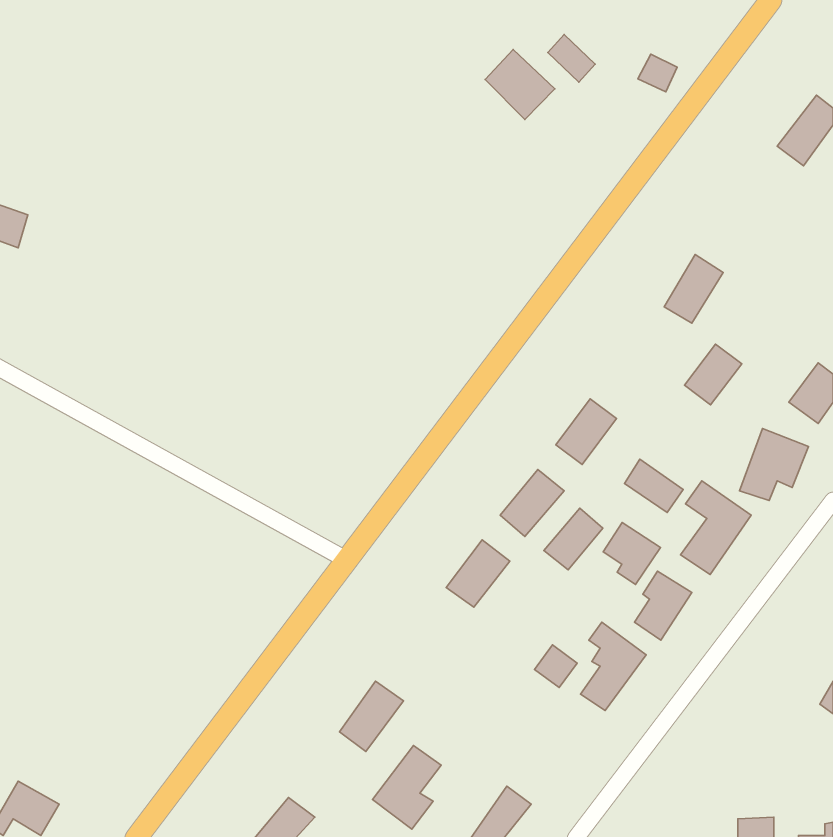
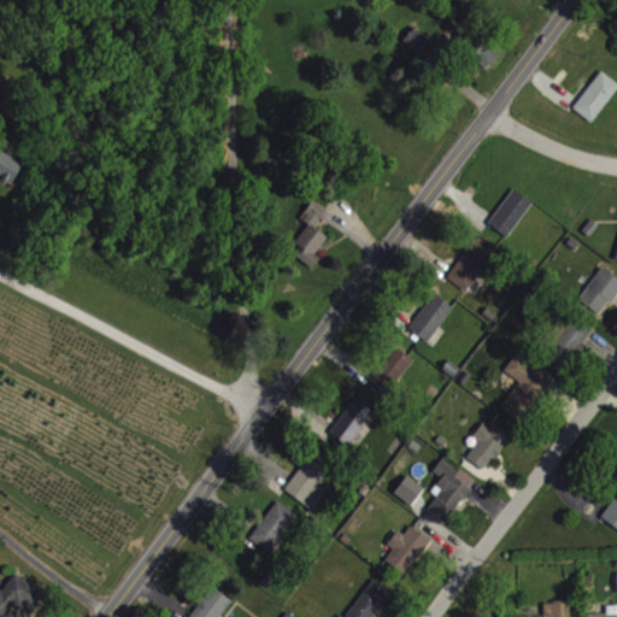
building: [485,49,555,119] -> none
building: none -> [292,200,327,269]
building: [684,344,742,405] -> [446,247,488,292]
building: [624,459,683,512] -> none
building: [544,508,603,570] -> none
building: [603,522,661,584] -> none
building: none -> [381,527,430,576]
building: [372,745,441,829] -> [283,449,334,511]

